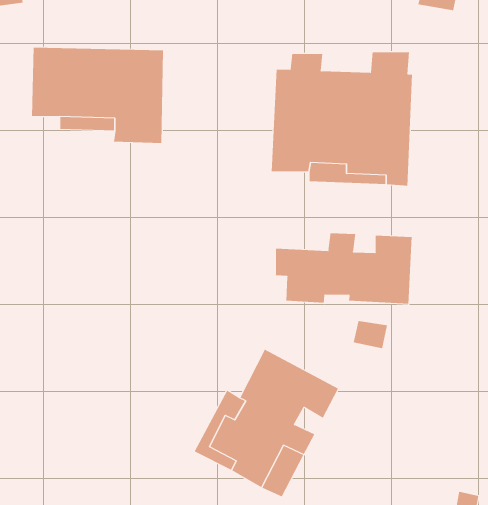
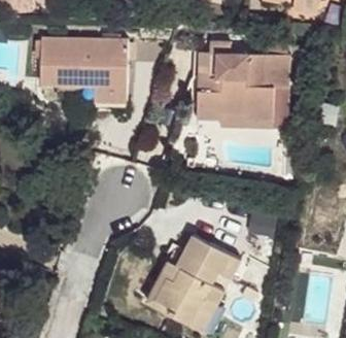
building: [275,232,412,305] -> none

